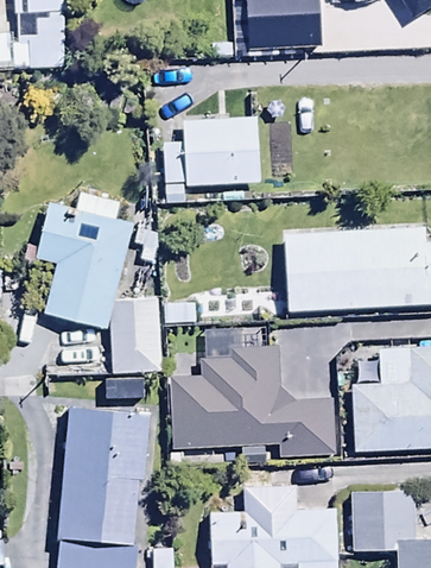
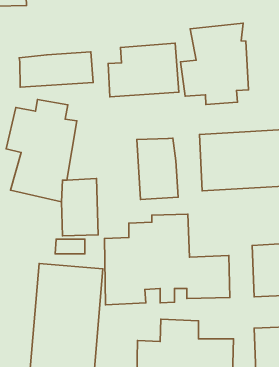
building: none -> [180,23,248,104]
building: none -> [19,52,93,87]
building: none -> [137,138,178,200]

